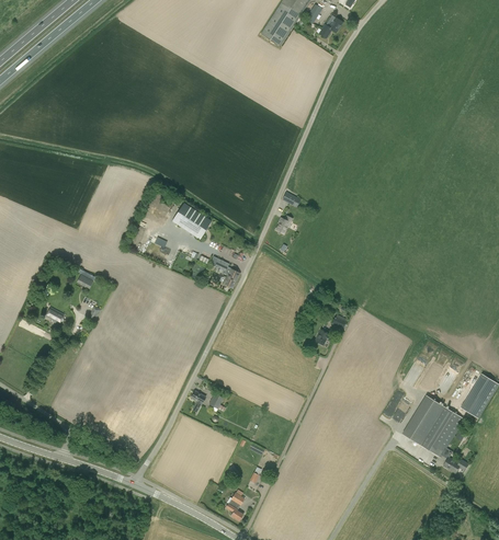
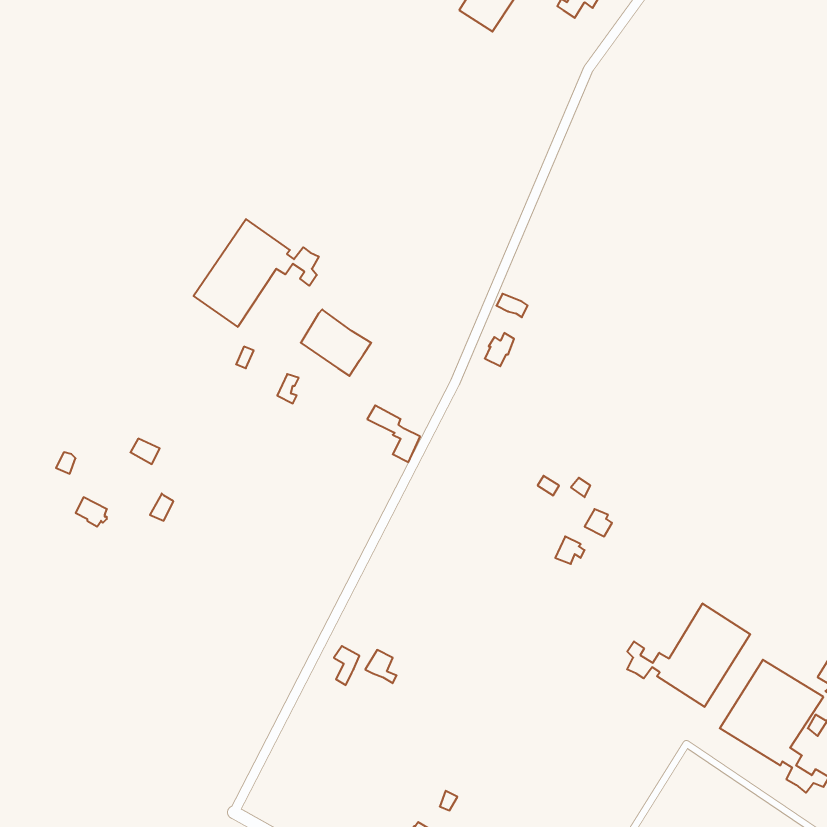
building: none -> [194,219,319,327]
building: none -> [627,603,750,707]

